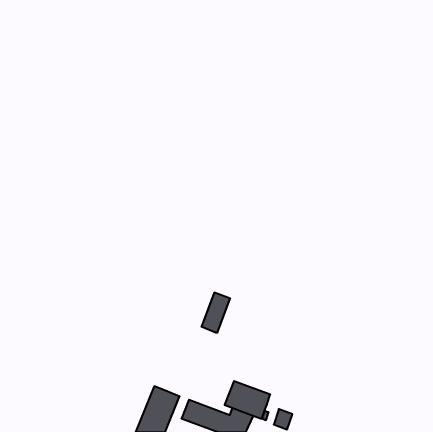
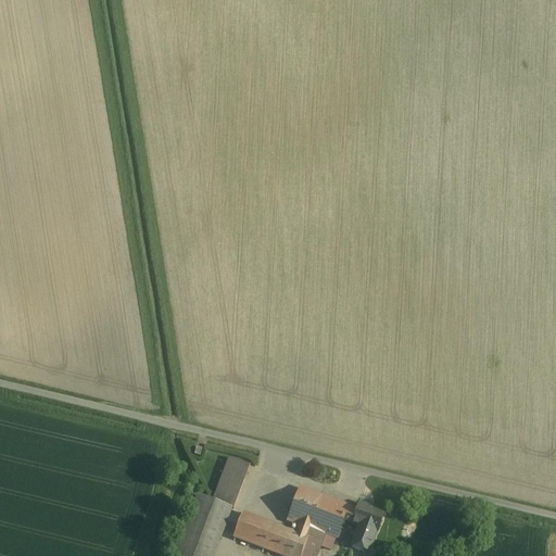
building: [201,293,230,332] -> [212,456,249,507]
building: none -> [342,502,383,530]

